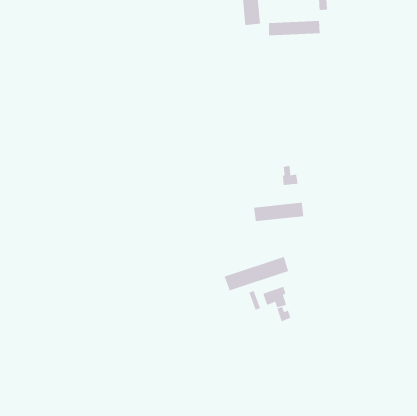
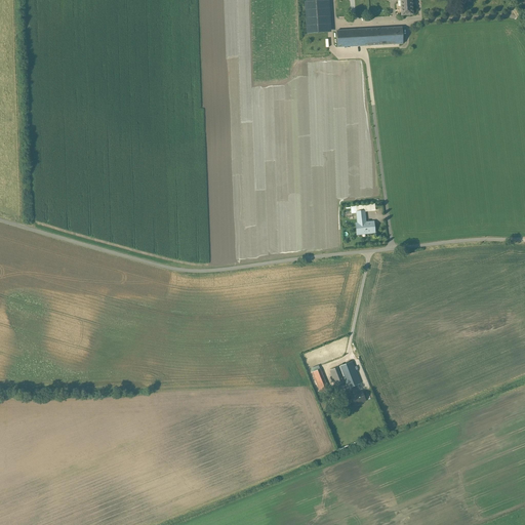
building: [254,202,304,222] -> none
building: [224,256,289,291] -> none

